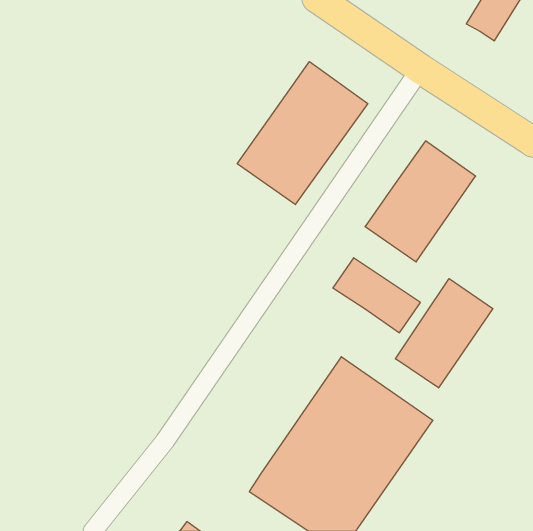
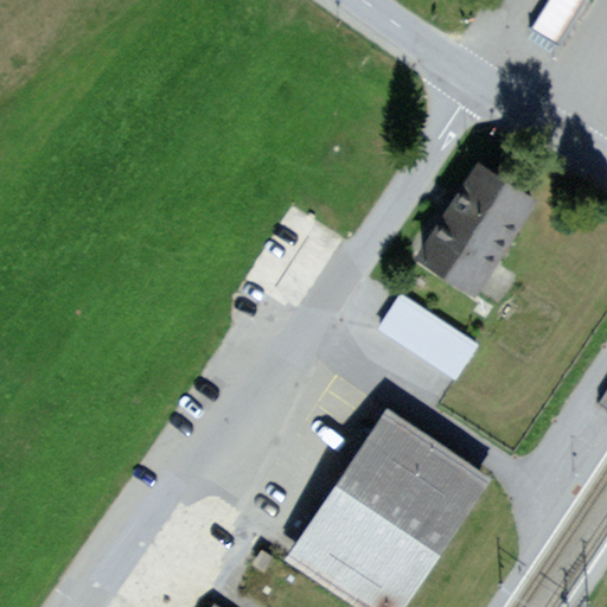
building: [237,62,368,205] -> none
building: [395,279,493,388] -> none

